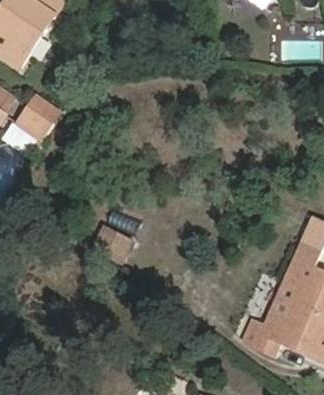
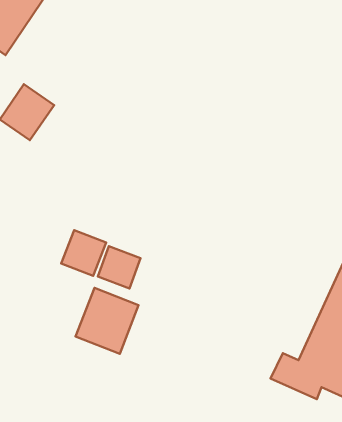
building: none -> [61,230,106,276]
building: none -> [76,288,139,354]

